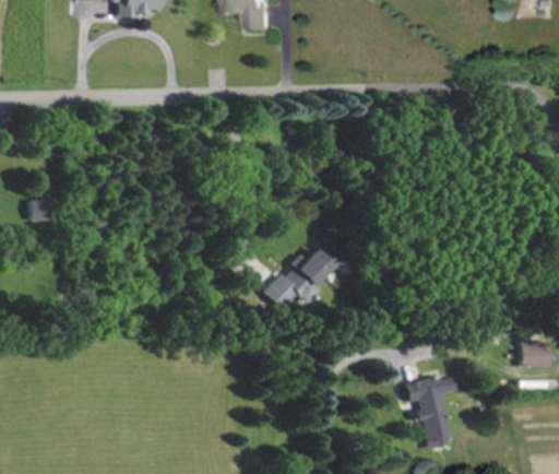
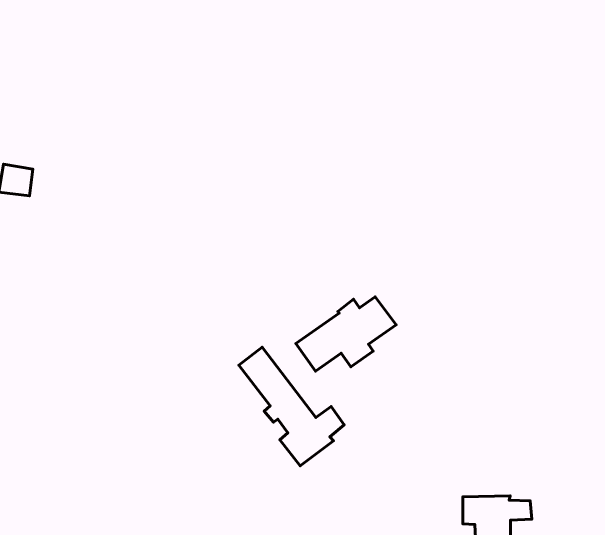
building: none -> [239,347,344,466]

